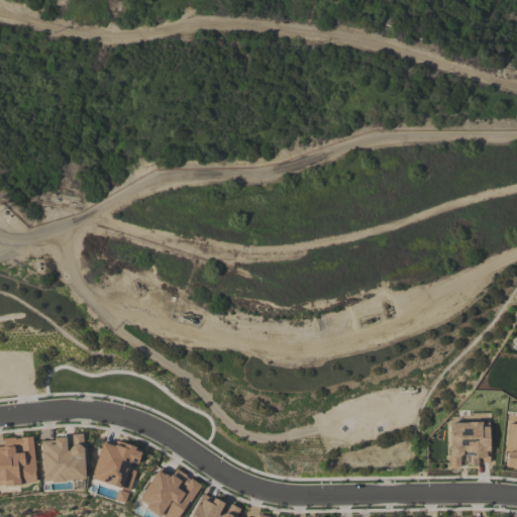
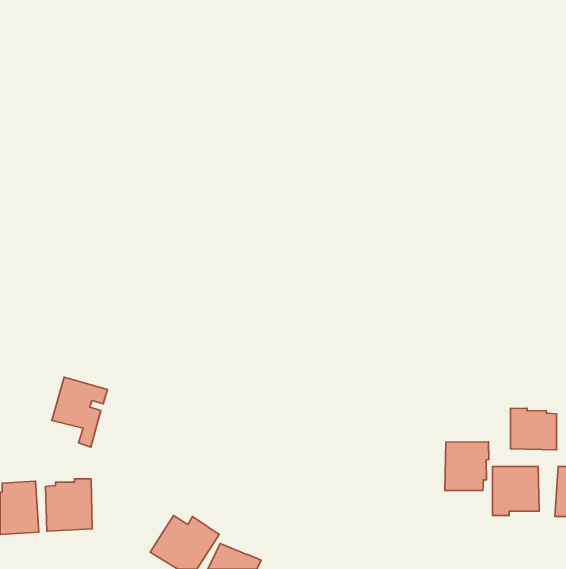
building: none -> [510,408,556,450]
building: none -> [445,442,489,490]
building: [92,440,142,504] -> [52,377,107,447]

